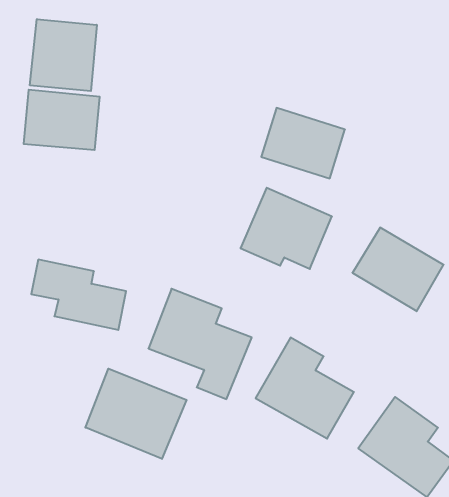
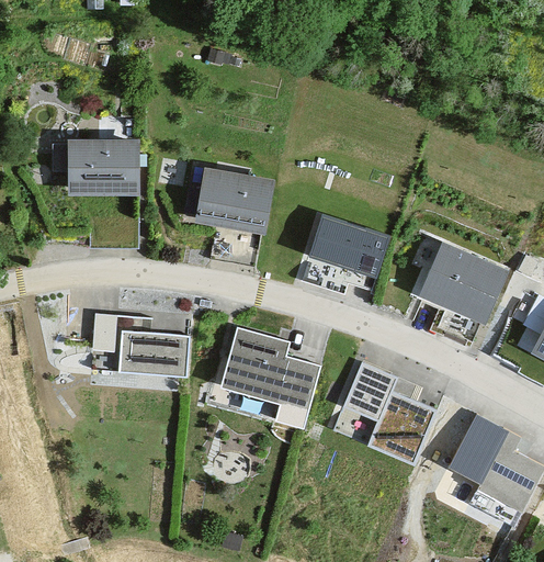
building: [30,19,97,91] -> none
building: [261,108,345,178] -> [192,166,274,232]
building: [85,369,187,459] -> none

